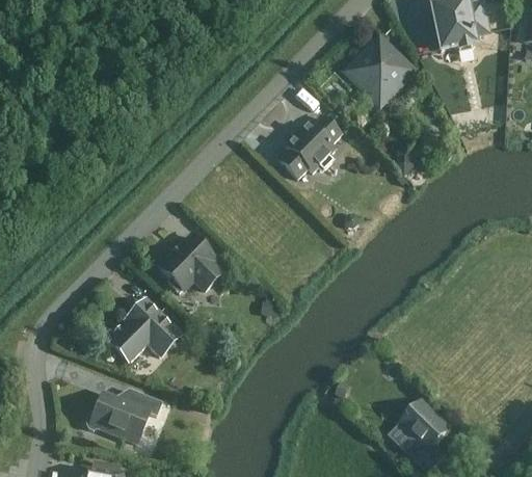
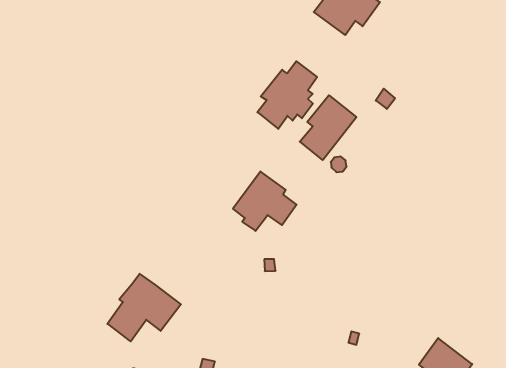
building: none -> [300,95,356,160]
building: [159,235,220,291] -> [233,171,297,231]

